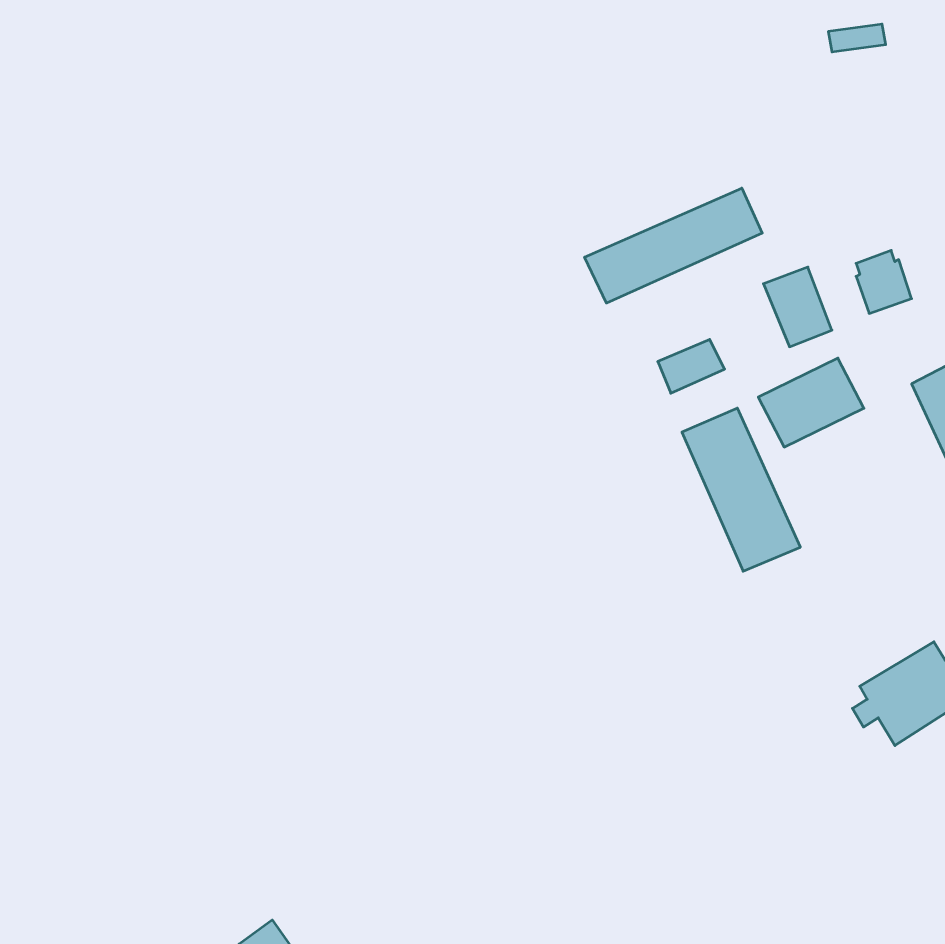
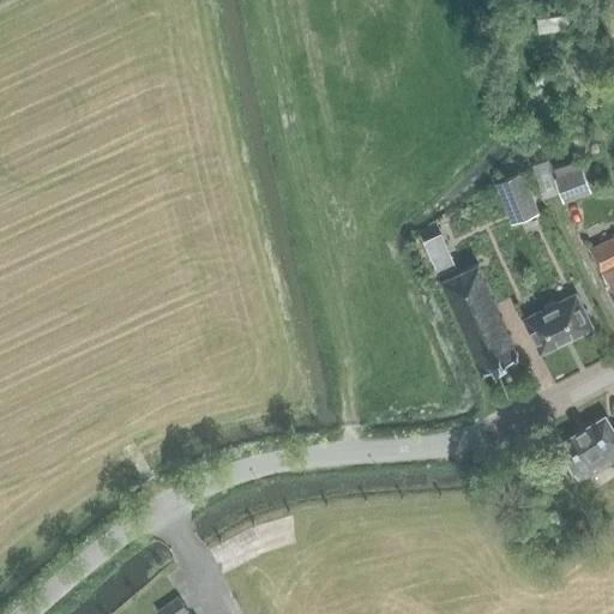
building: [585,188,762,303] -> none
building: [758,358,864,447] -> [524,296,592,354]

